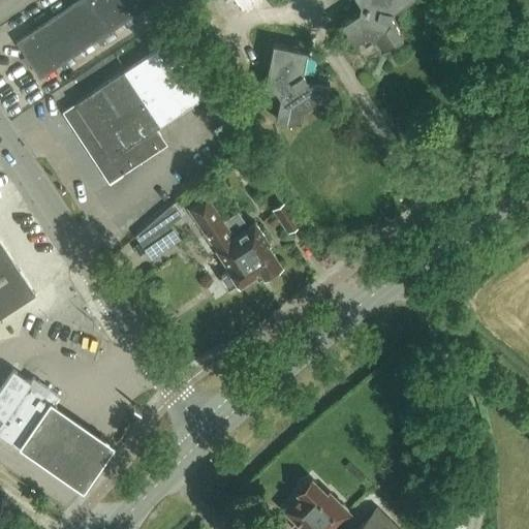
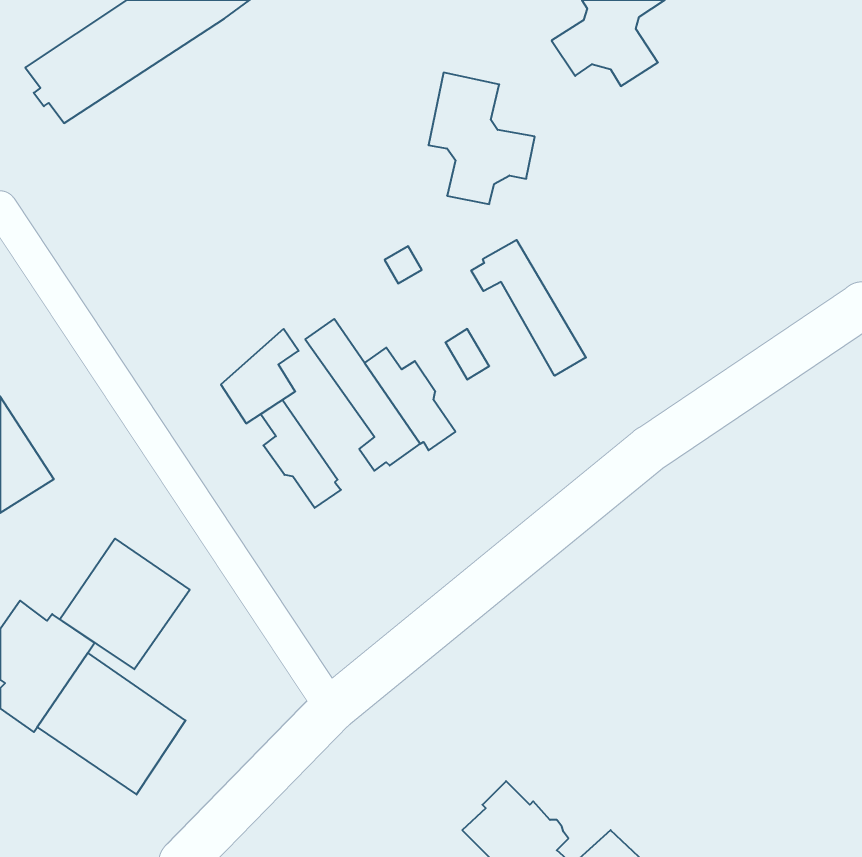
building: [61,41,214,185] -> none
building: none -> [471,240,586,376]
building: none -> [261,400,341,508]
building: none -> [60,539,190,669]

